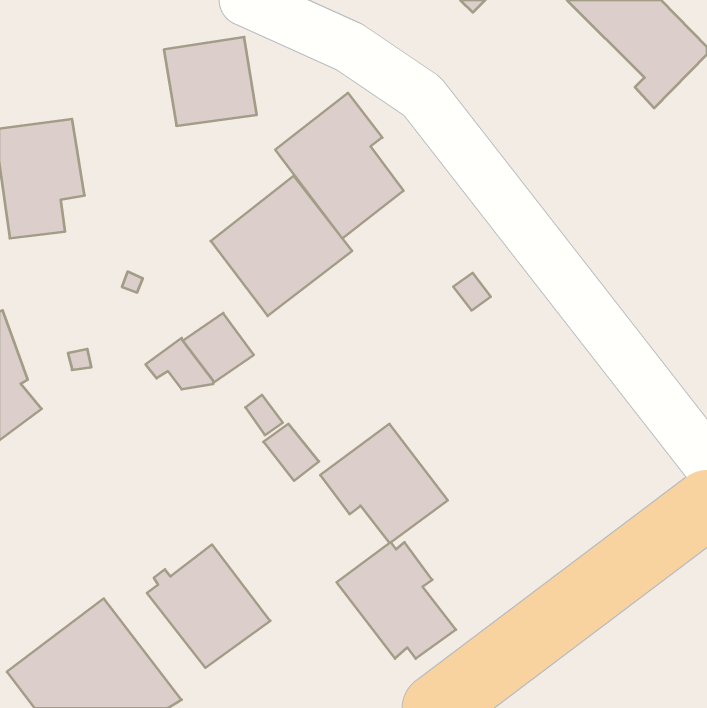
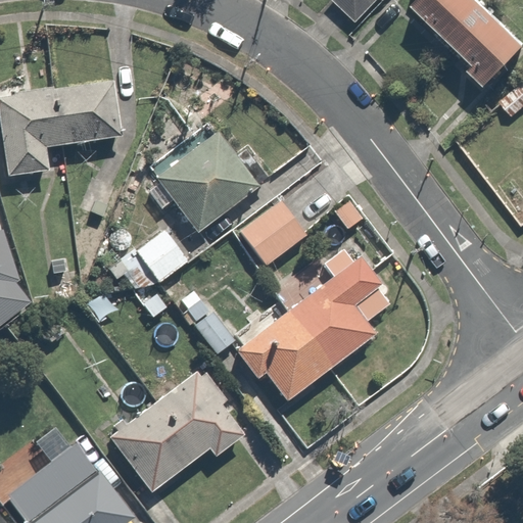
building: [164,37,257,126] -> [53,79,122,144]
building: [275,93,403,239] -> none
building: none -> [240,201,306,265]
building: none -> [287,249,389,369]
building: [337,542,456,659] -> [156,372,244,458]

